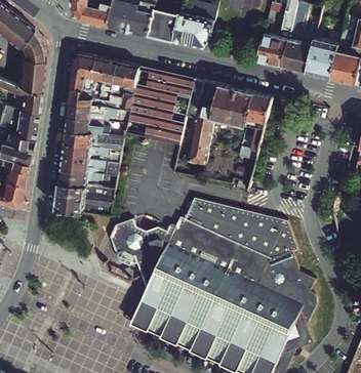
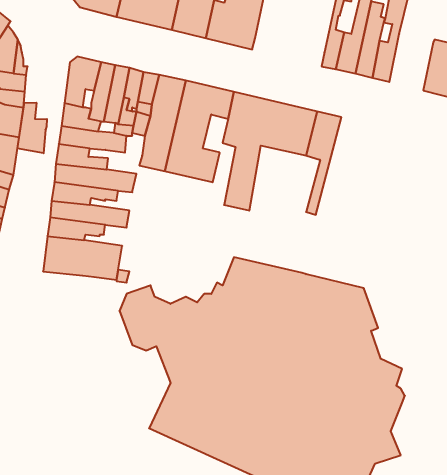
building: [307,38,338,79] -> none
building: none -> [17,103,47,153]

